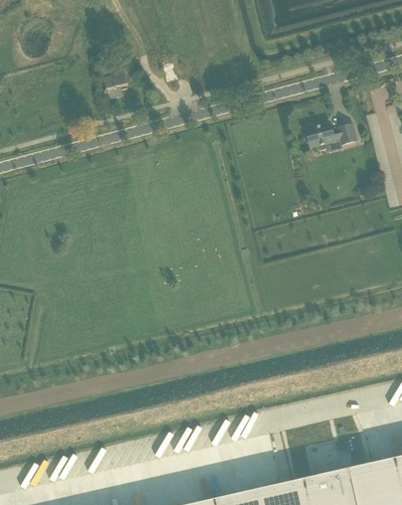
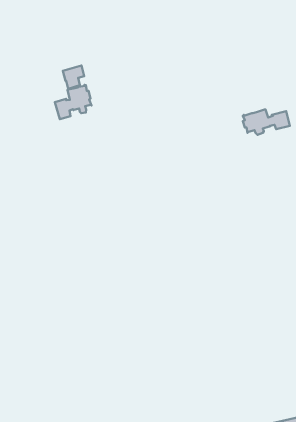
building: none -> [55,85,91,119]

